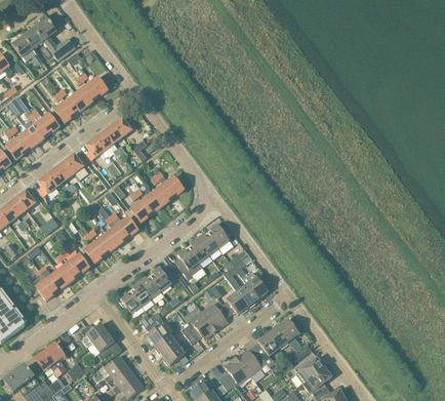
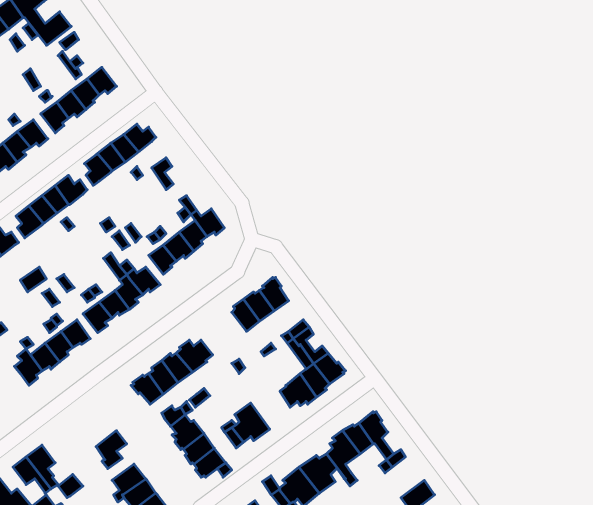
building: [174,248,199,278] -> none
building: [201,303,229,330] -> none
building: [79,322,107,346] -> none
building: [284,357,323,378] -> none

